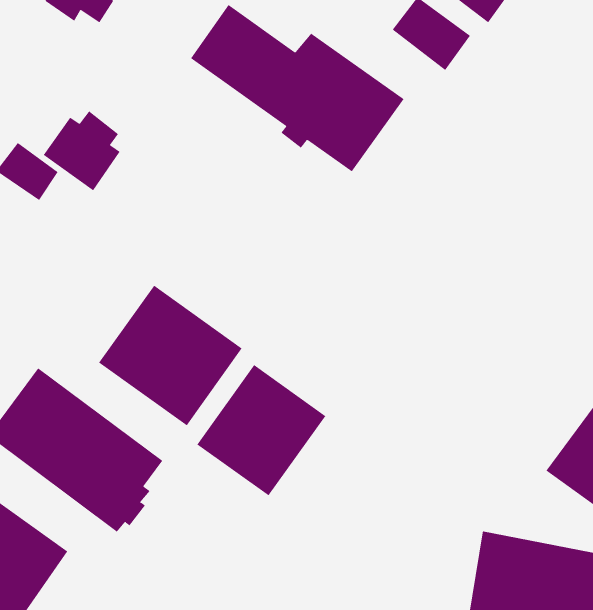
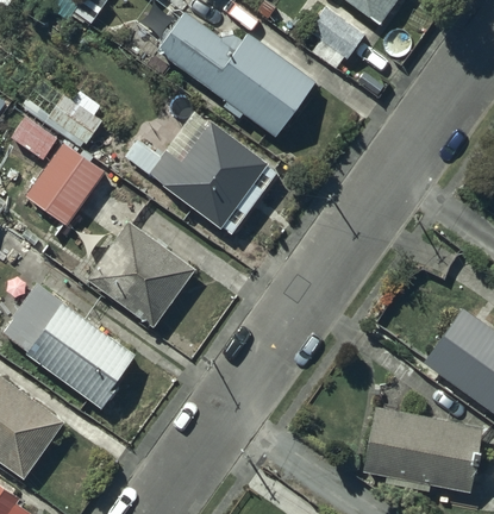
building: none -> [125,118,273,230]
building: none -> [24,140,106,225]
building: [196,364,326,496] -> none

